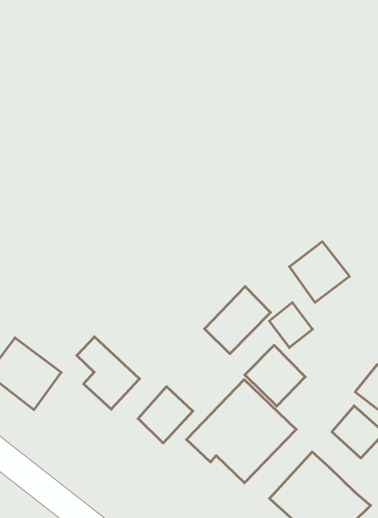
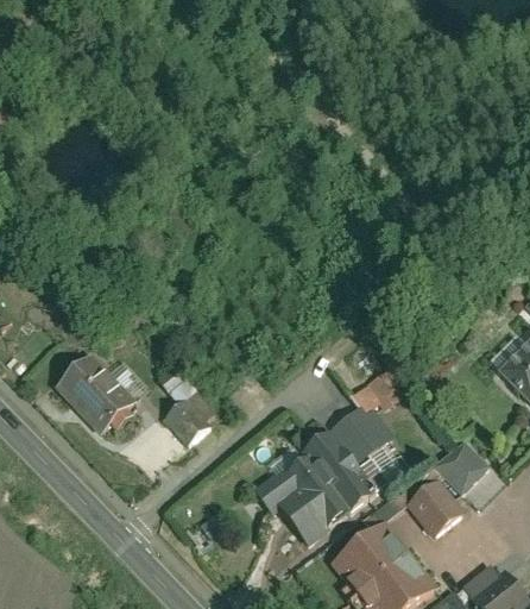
building: [289,242,349,302] -> none
building: [204,286,271,354] -> none
building: [138,387,193,443] -> none

